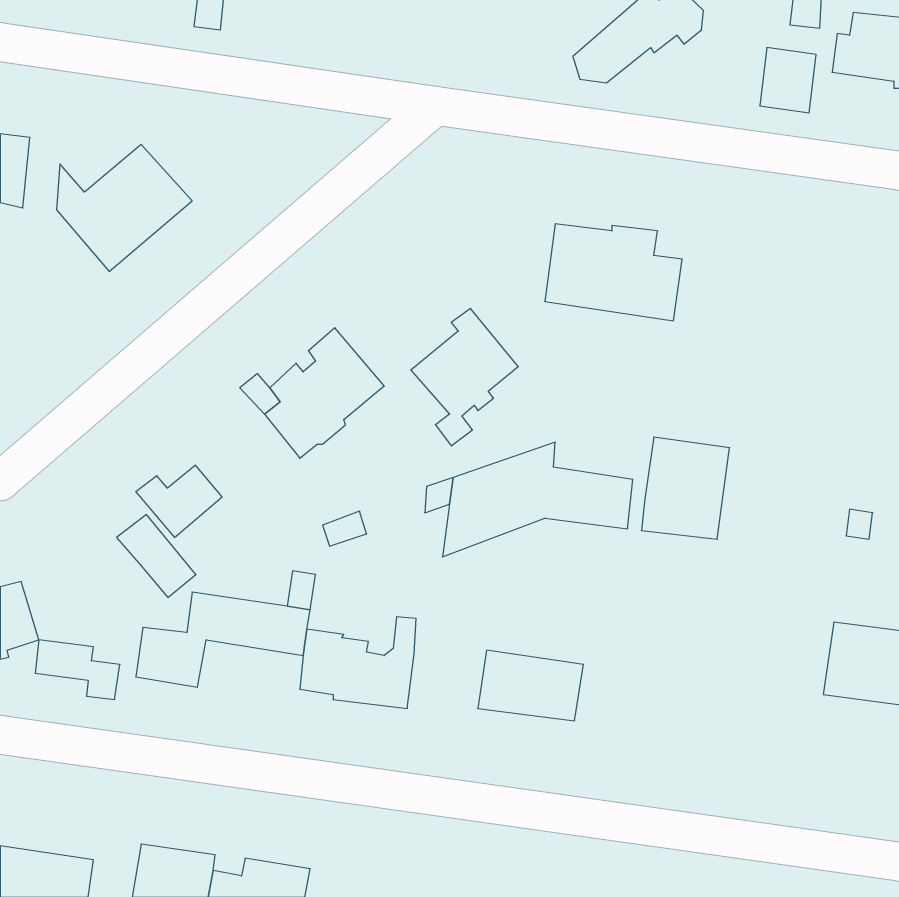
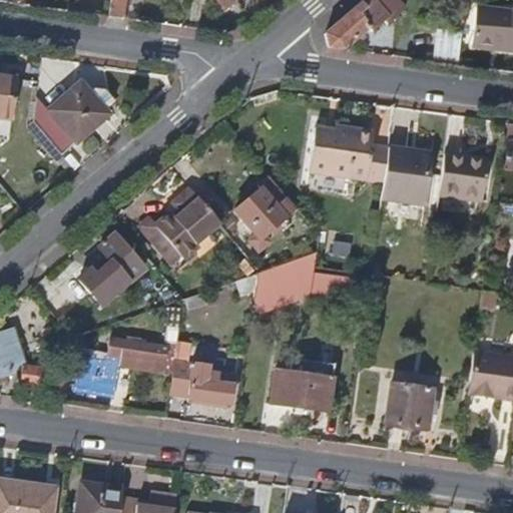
building: none -> [441,154,488,200]
building: [641,437,730,539] -> [382,147,432,205]
building: [117,515,196,597] -> [98,235,143,283]
building: none -> [386,383,434,428]

